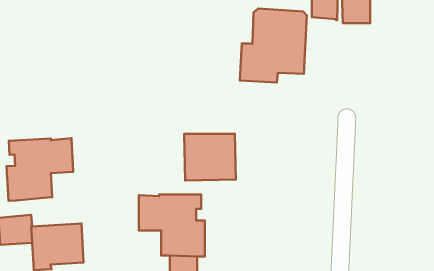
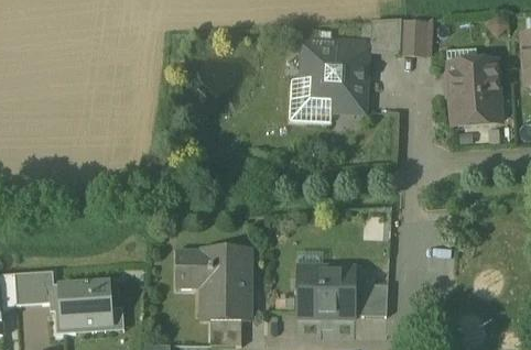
building: none -> [451,59,501,119]
building: [184,134,236,180] -> [296,265,355,318]
building: [6,138,73,201] -> none
building: none -> [362,284,389,315]

